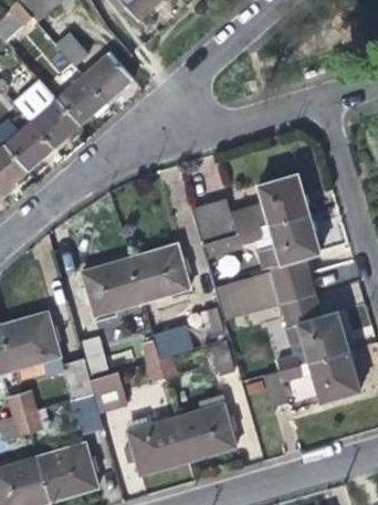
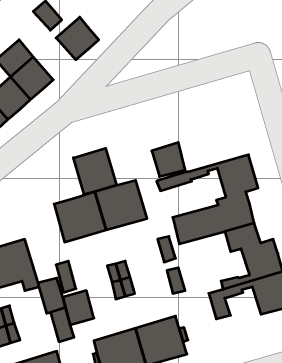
building: [56,77,106,126] -> none
building: [230,176,307,233] -> none
building: none -> [73,148,116,195]

